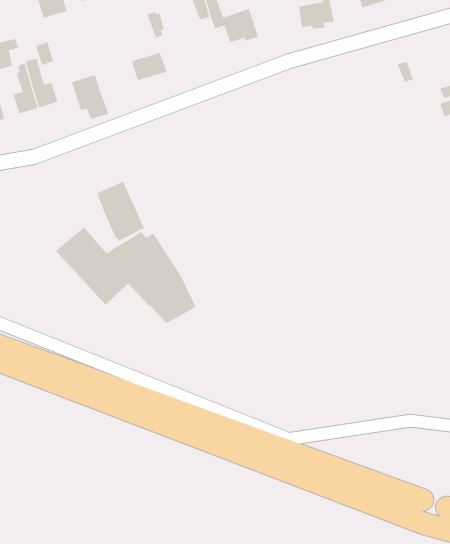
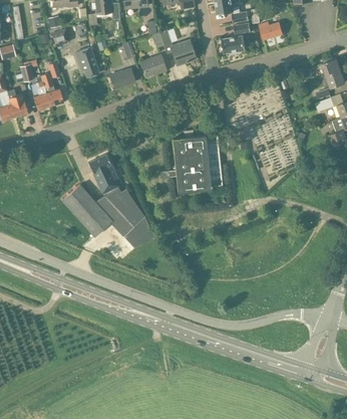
building: none -> [140,53,166,76]
building: [71,74,109,120] -> [74,46,99,76]
building: none -> [158,131,223,192]

